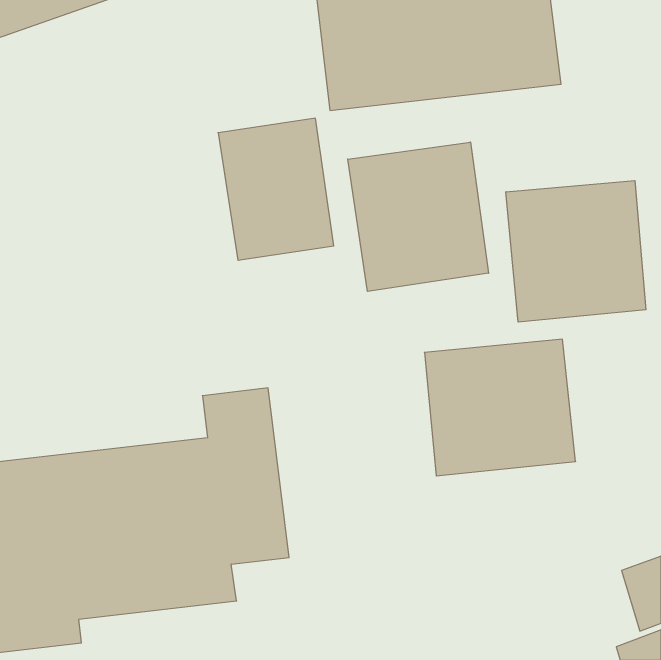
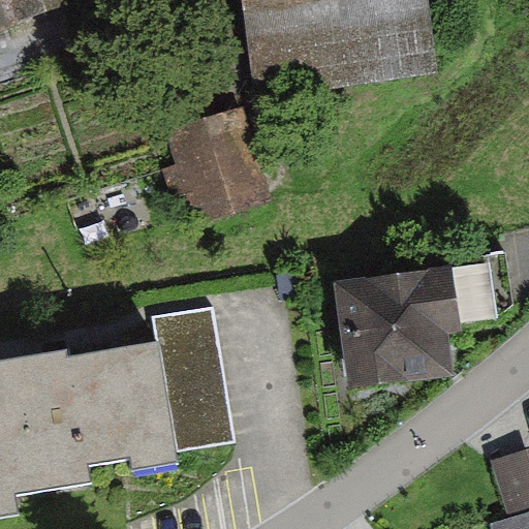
building: [348,142,489,291] -> none
building: [506,181,646,322] -> none

